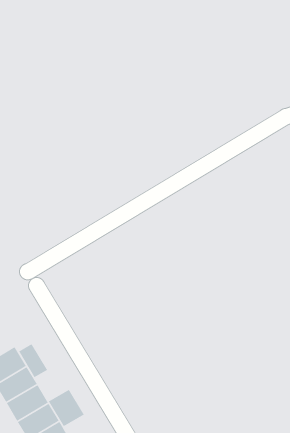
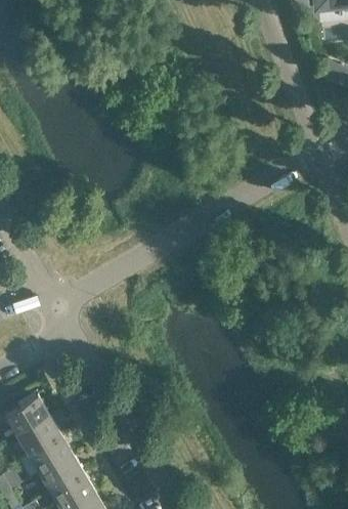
building: [18,343,48,378] -> none
building: [48,389,85,427] -> none

